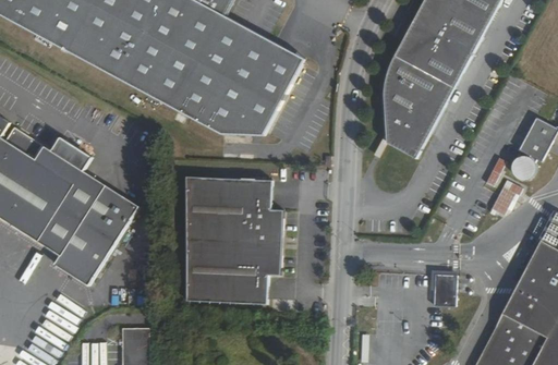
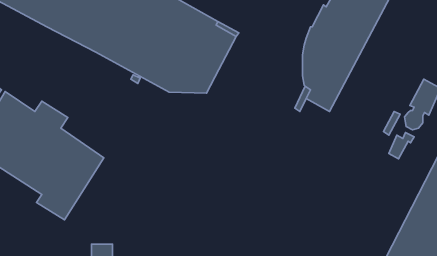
building: [184,173,287,299] -> none
building: [430,272,454,304] -> none

